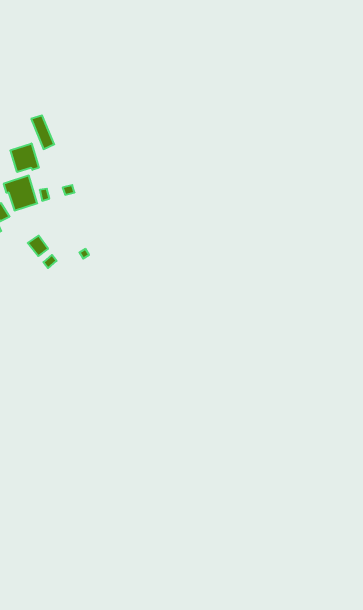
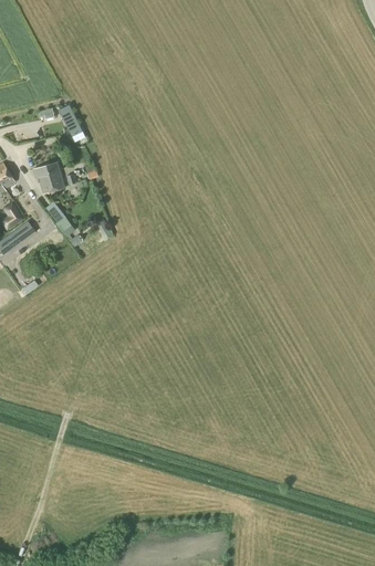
building: [10,143,39,172] -> none

